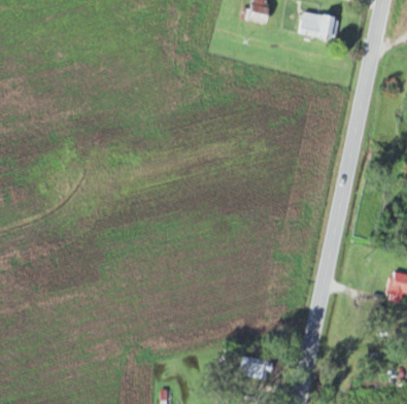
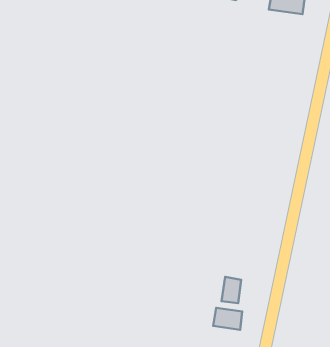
building: none -> [222,277,241,303]

